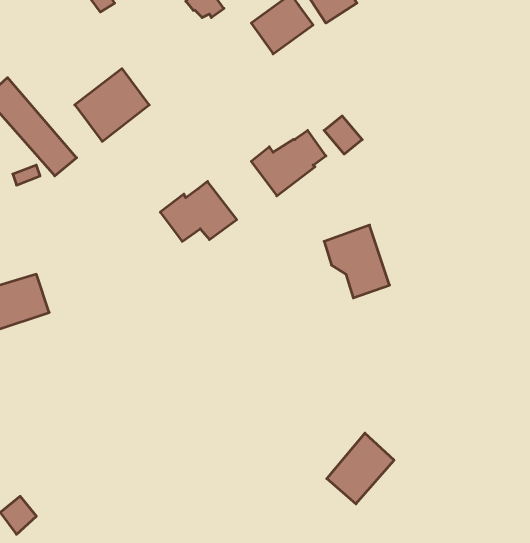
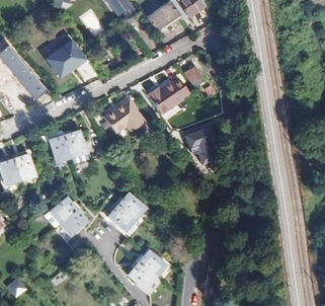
building: none -> [46,130,87,161]
building: none -> [112,188,150,226]
building: none -> [45,204,82,243]
building: [327,433,394,504] -> [126,252,163,292]

